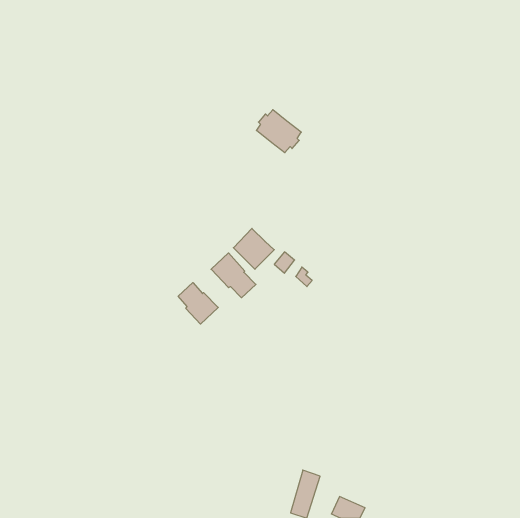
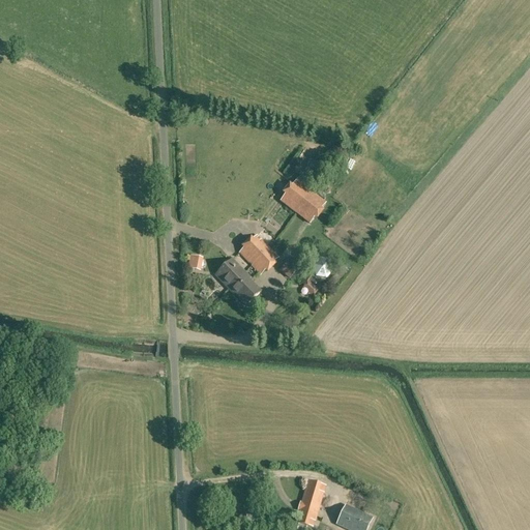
building: [256,110,301,153] -> [279,178,325,222]
building: [178,283,218,324] -> none

